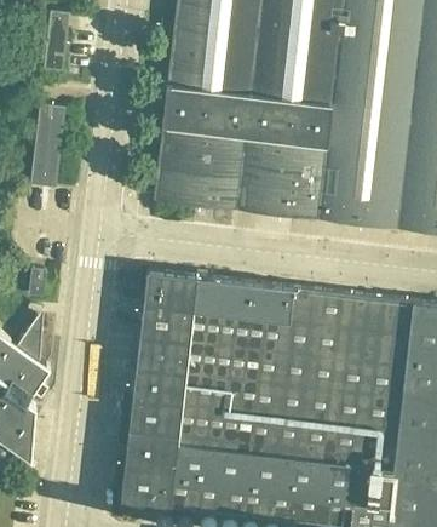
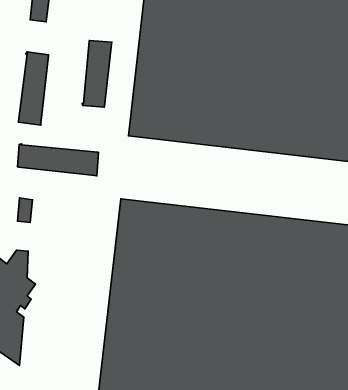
building: none -> [82,40,112,107]
building: none -> [17,144,99,176]

